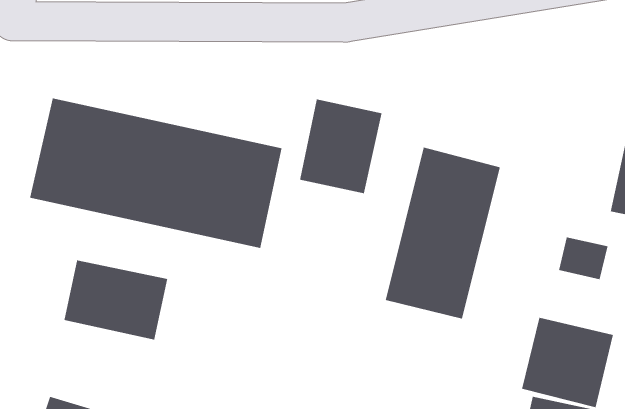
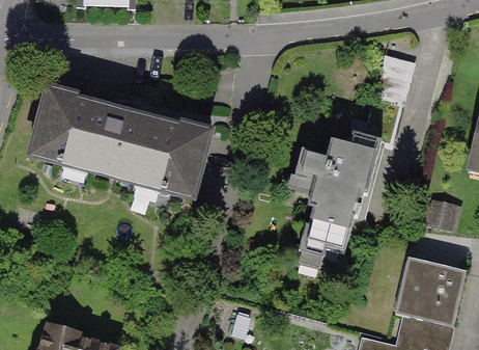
building: [299,98,382,194] -> none
building: [64,260,168,341] -> none

